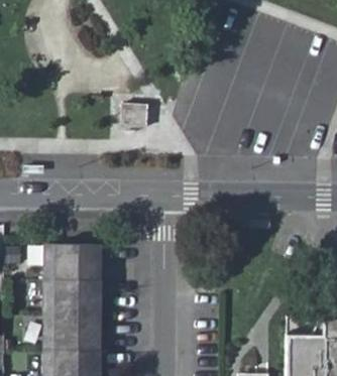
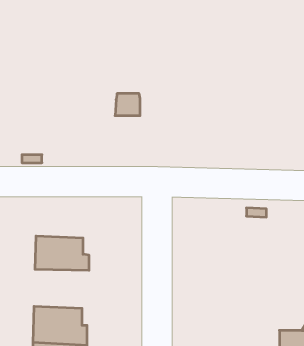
building: [45,278,101,318] -> none

